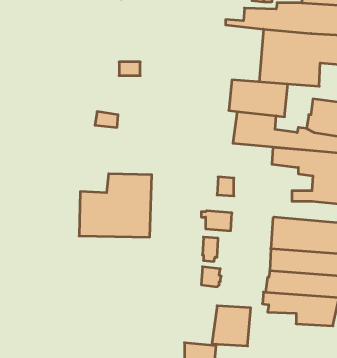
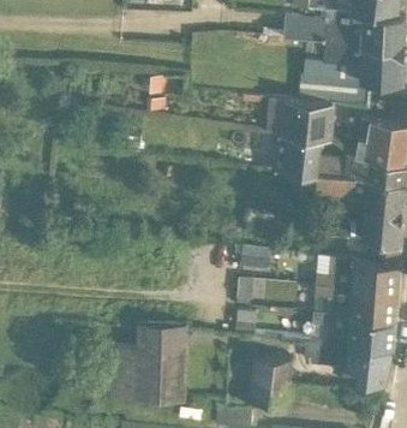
building: [79,174,152,237] -> [106,325,188,397]

